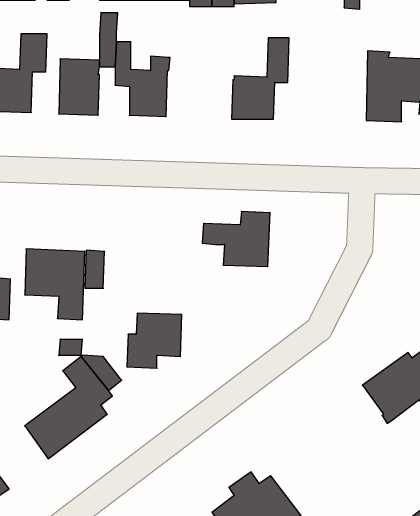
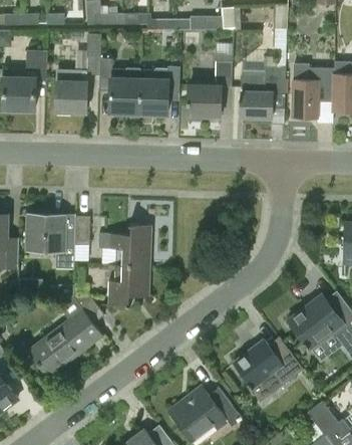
building: none -> [137,66,179,115]
building: none -> [240,67,285,118]
building: [202,212,270,267] -> [99,223,151,265]
building: none -> [232,336,302,400]

